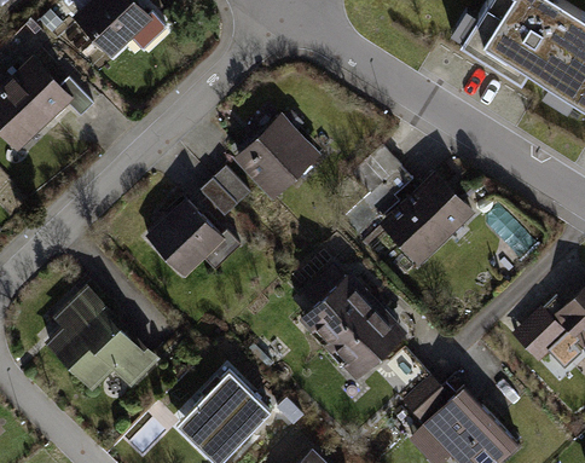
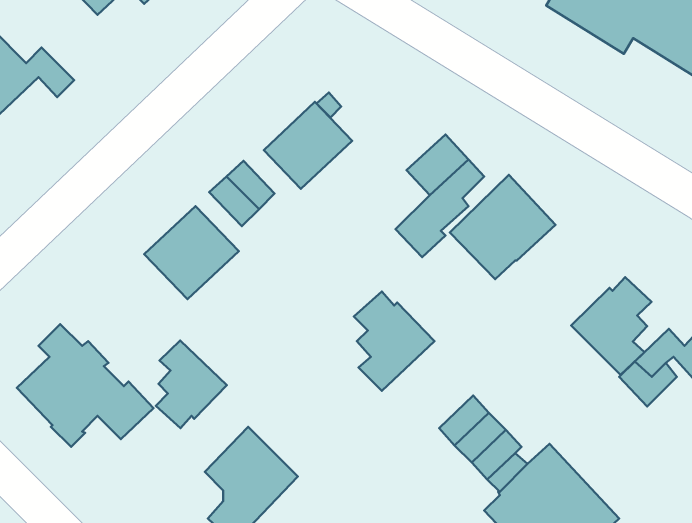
building: none -> [571,277,651,375]
building: none -> [156,340,227,428]
building: [334,307,402,381] -> none

